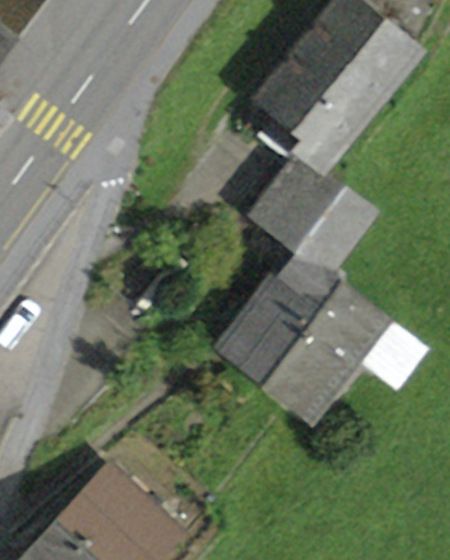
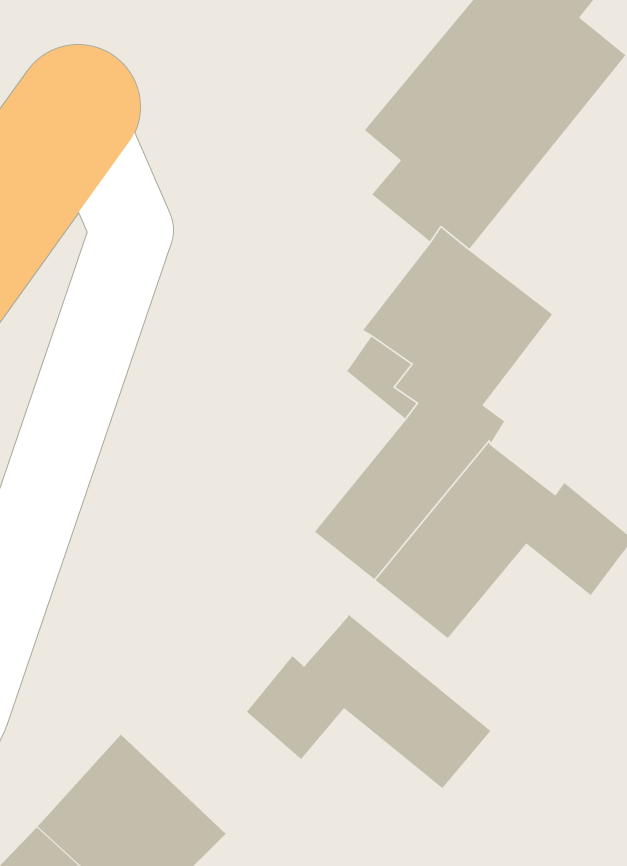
building: none -> [246,613,491,789]

